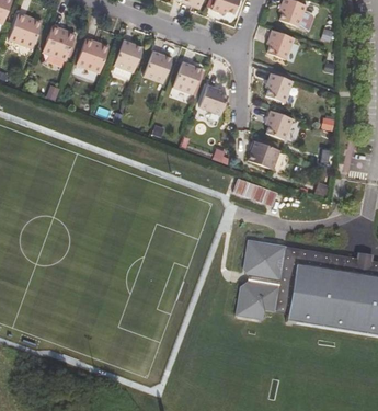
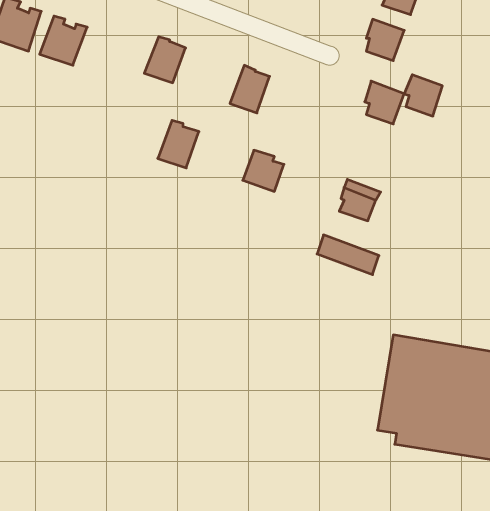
building: [76,38,108,72] -> none
building: [144,50,172,83] -> [158,120,199,168]
building: [199,84,228,113] -> [243,150,284,191]
building: [266,109,293,137] -> [404,75,442,116]
building: [234,240,286,320] -> none

